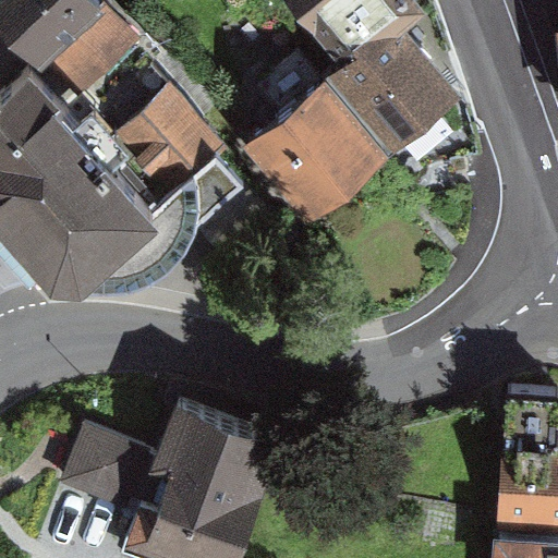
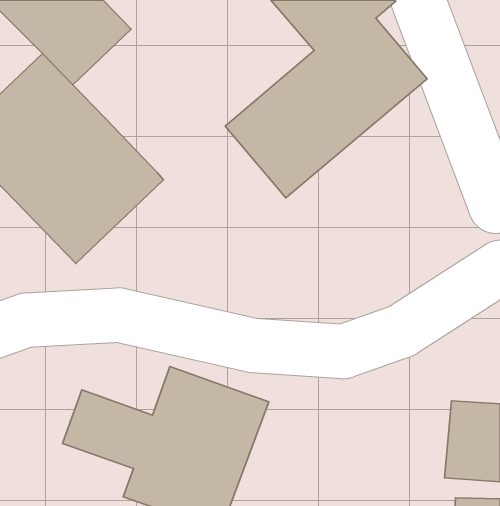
building: [113,87,223,197] -> none

